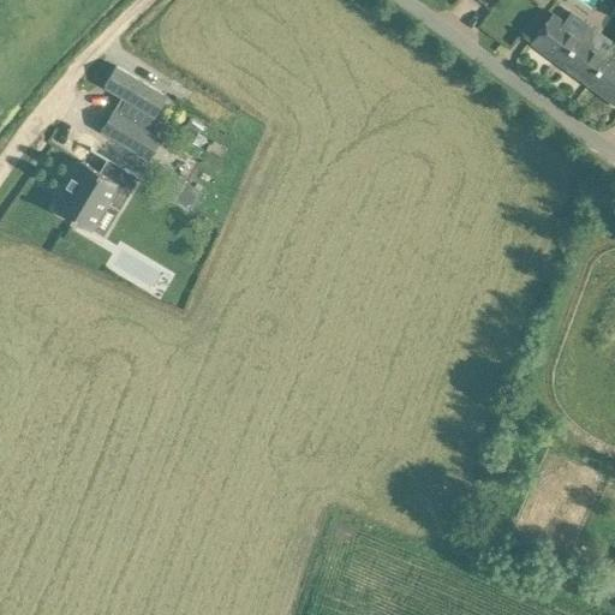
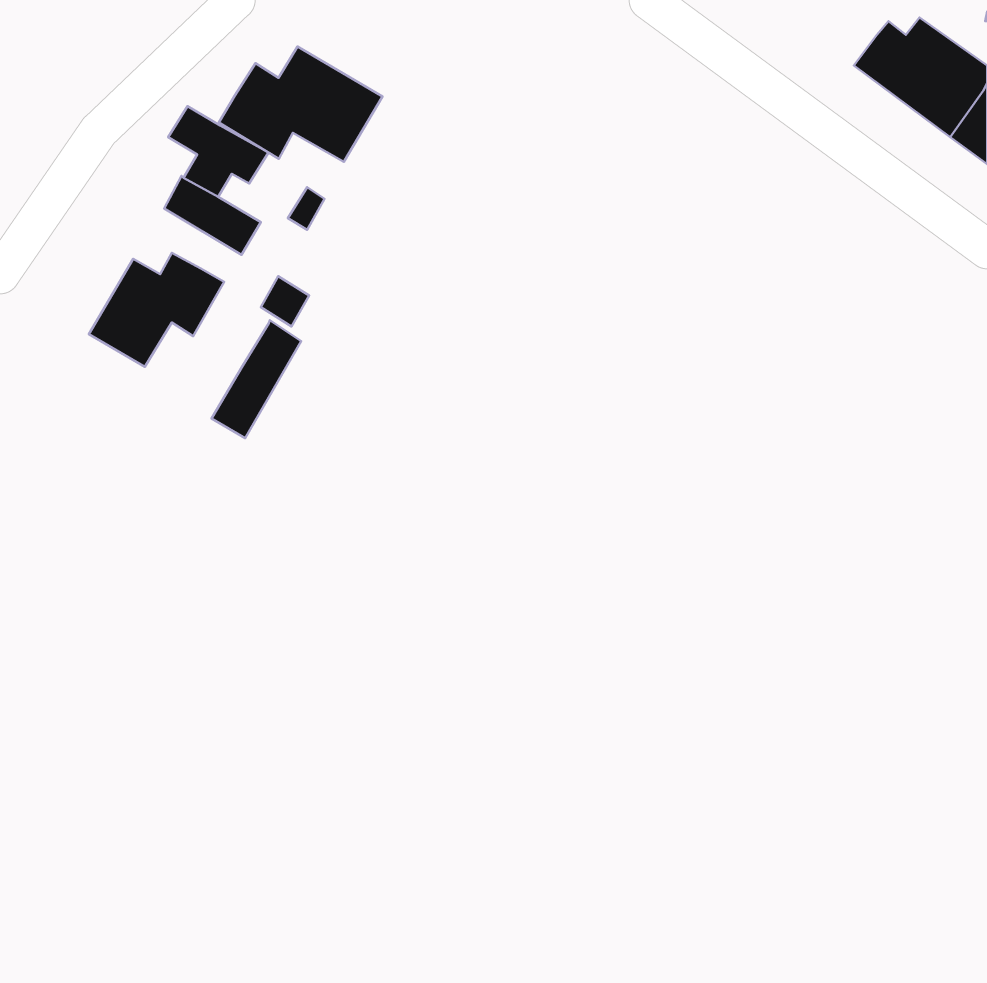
building: none -> [219,46,383,162]
building: none -> [212,320,301,438]

